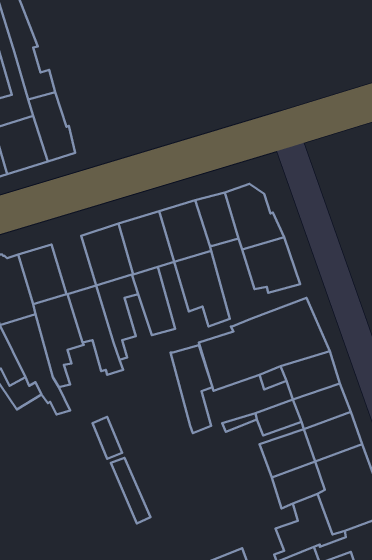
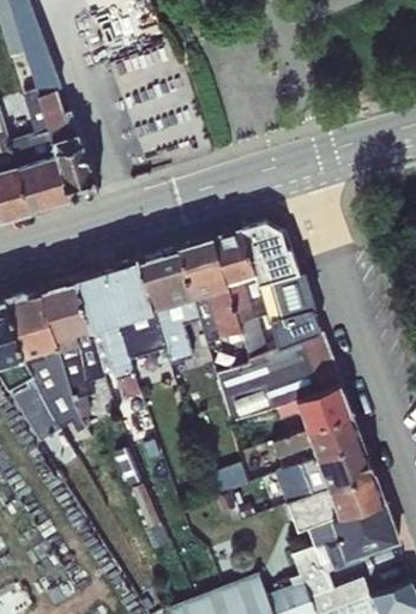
building: none -> [74,272,117,329]
building: [170,345,213,433] -> [228,275,269,360]

